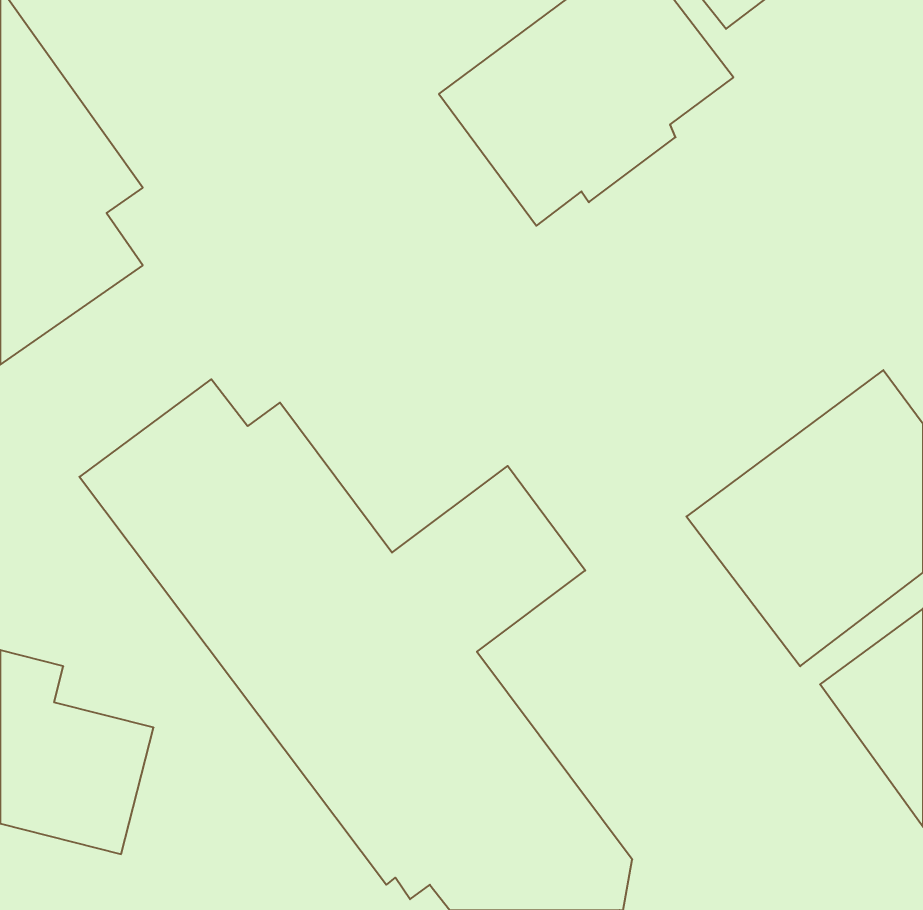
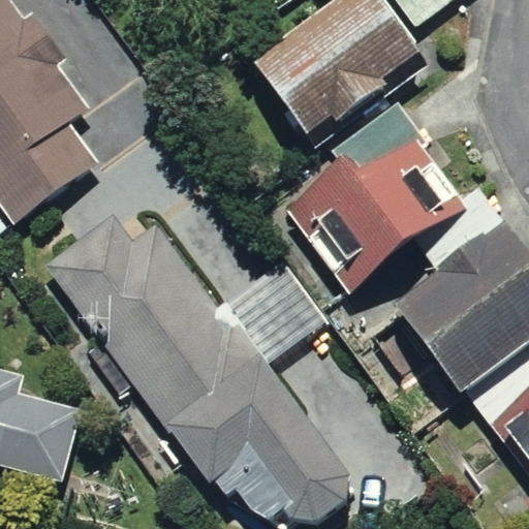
building: none -> [281,95,468,291]

